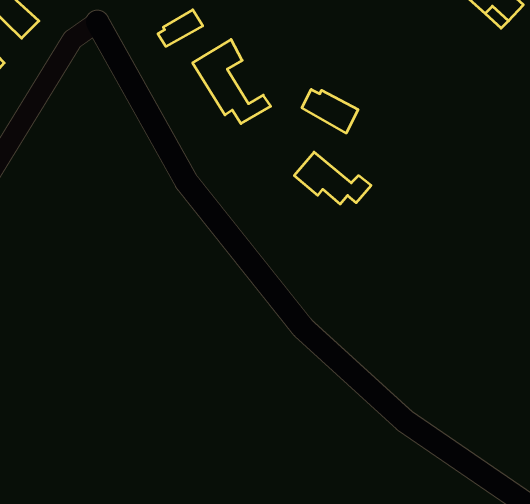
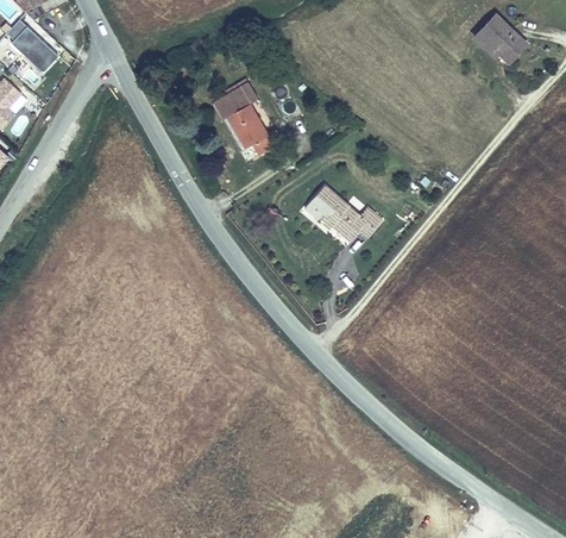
building: [158,10,203,46] -> none
building: [302,89,358,133] -> none

